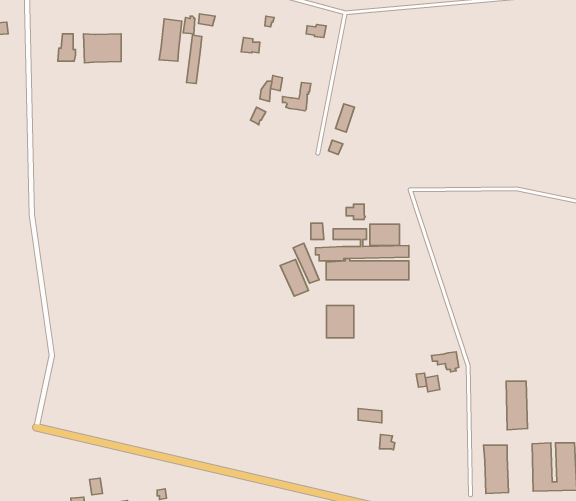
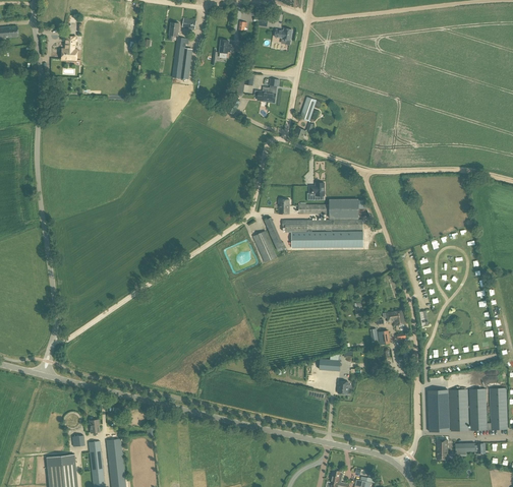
building: [159,19,182,61] -> none
building: [84,34,121,63] -> none
building: [326,305,354,338] -> none
building: [506,381,527,430] -> [450,389,468,431]

